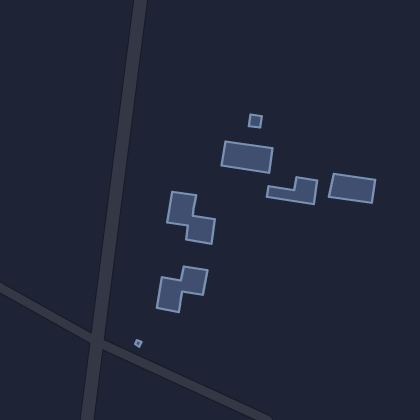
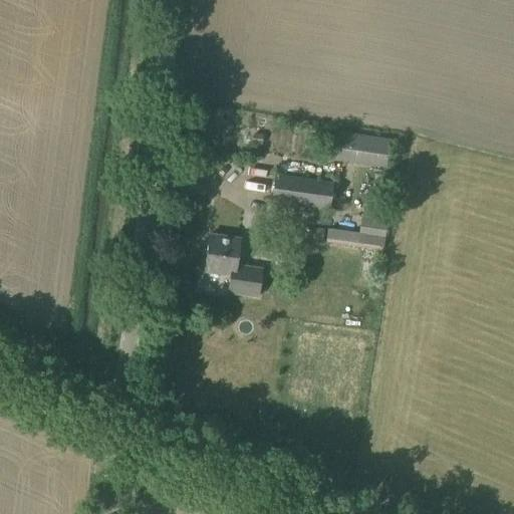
building: [329,174,375,203] -> [334,132,391,167]
building: [157,266,207,312] -> none

